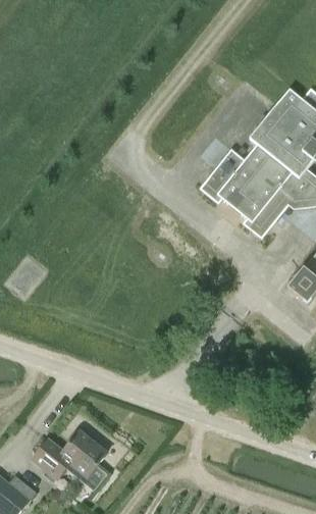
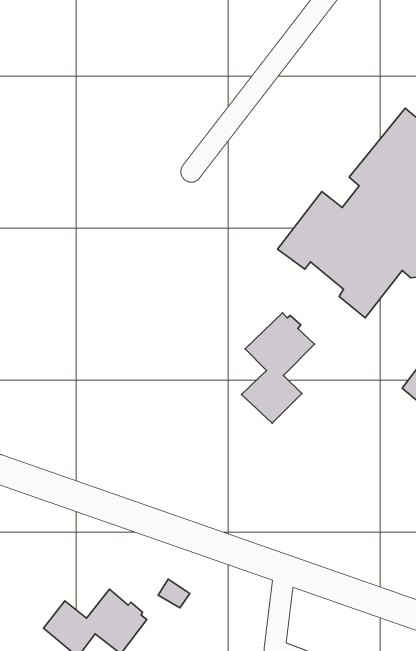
building: none -> [242,313,315,423]

